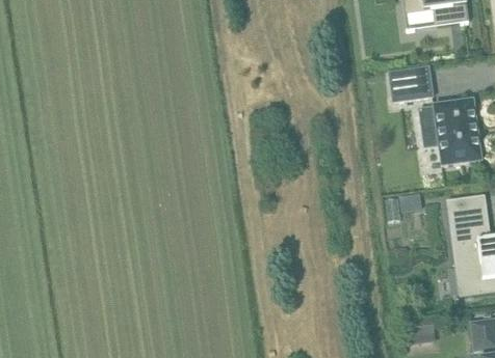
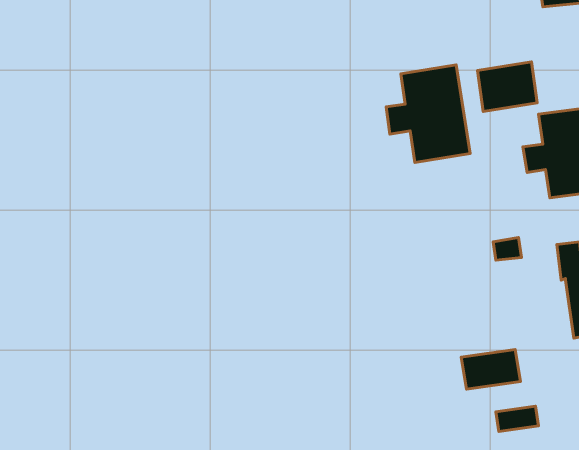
building: none -> [386,65,470,163]
building: none -> [461,350,521,389]

